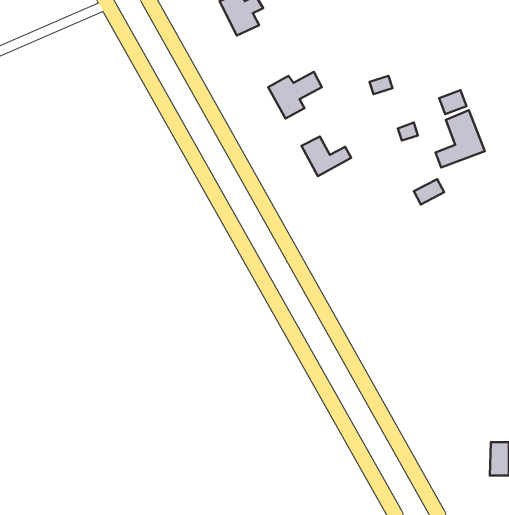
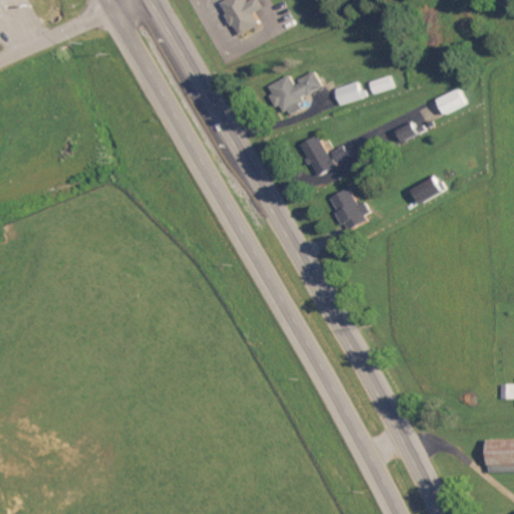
building: none -> [332,81,359,104]
building: [435,110,485,168] -> none
building: none -> [329,189,369,231]

